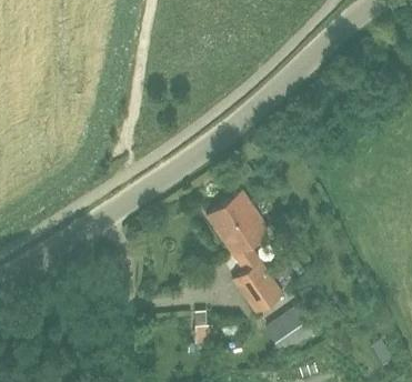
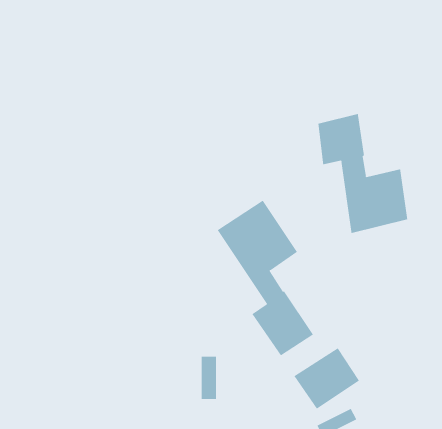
building: none -> [318,113,408,234]

